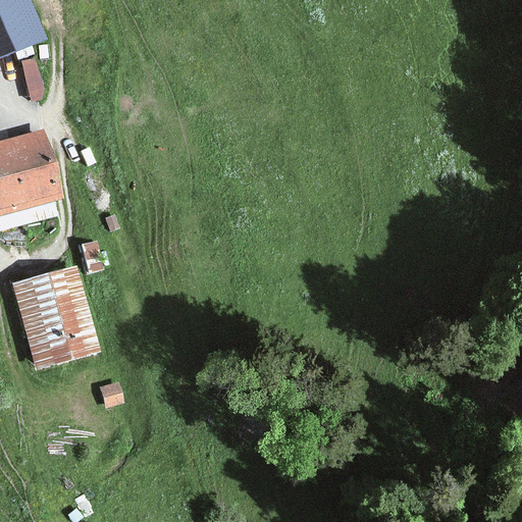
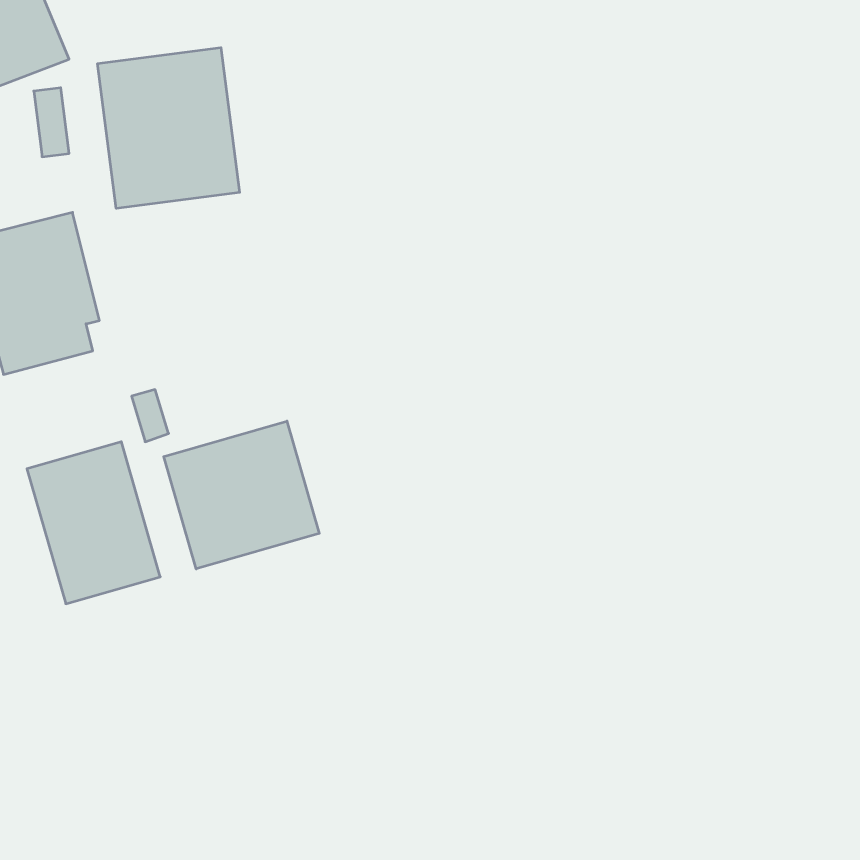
building: none -> [98,48,240,208]
building: none -> [164,421,319,569]

